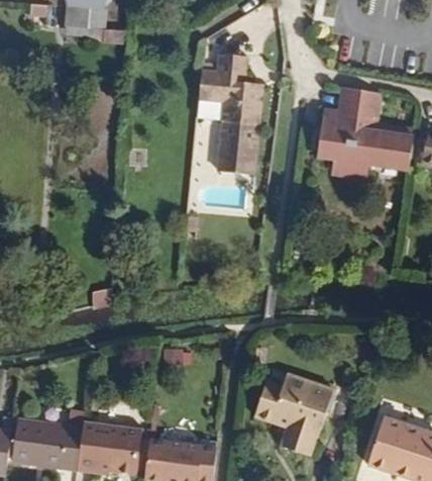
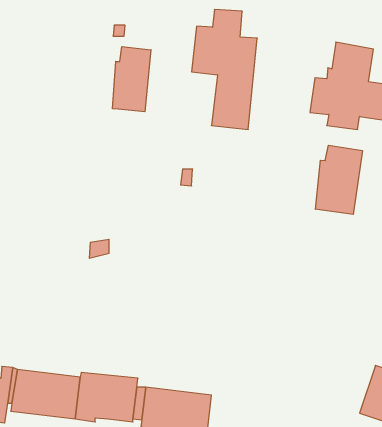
building: none -> [113,47,151,112]
building: none -> [315,145,362,214]
building: [252,373,333,456] -> none

